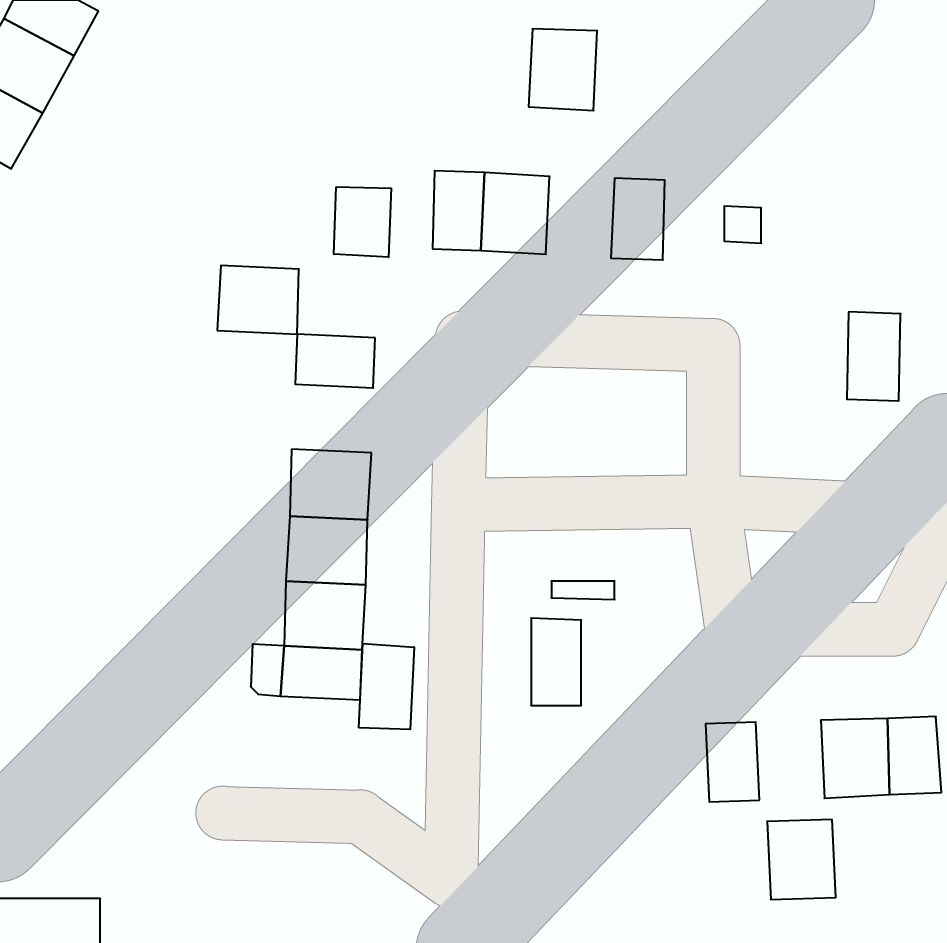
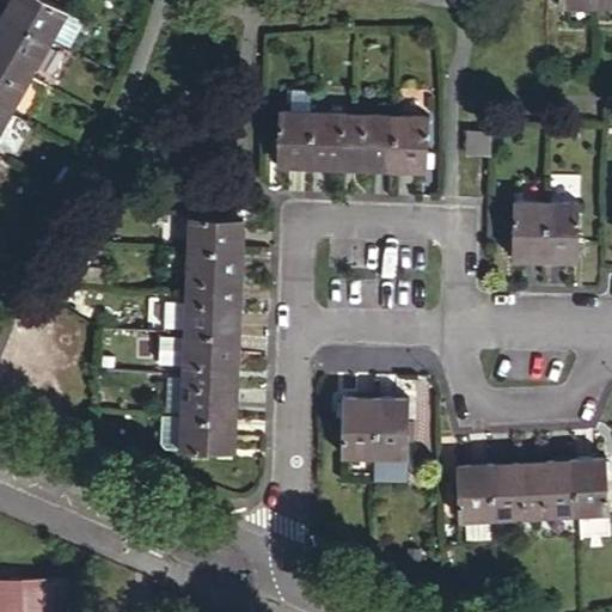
building: [529,29,597,111] -> [351,117,396,170]
building: [334,187,391,257] -> none
building: [217,265,299,334] -> [188,251,240,295]
building: none -> [512,203,546,261]
building: none -> [374,403,408,459]
building: [359,644,414,729] -> none
building: [767,820,836,899] -> [486,467,531,519]

